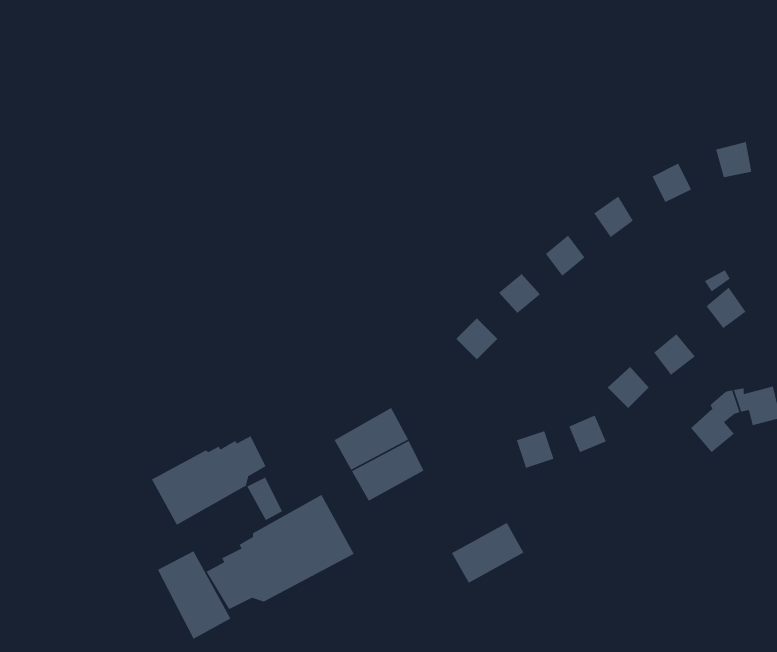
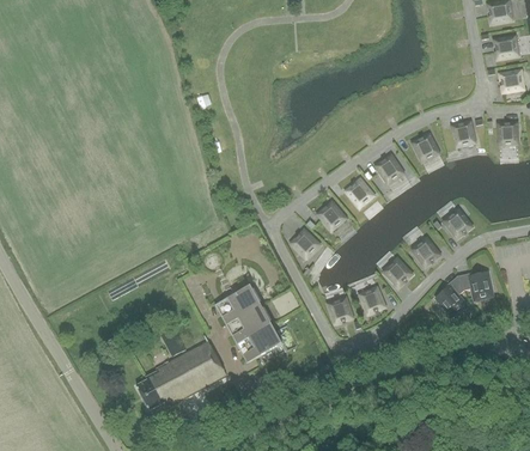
building: [151,435,266,526] -> none
building: [451,522,525,584] -> [238,323,284,361]
building: [157,550,231,640] -> none

